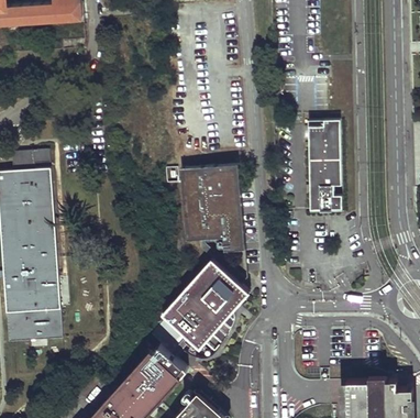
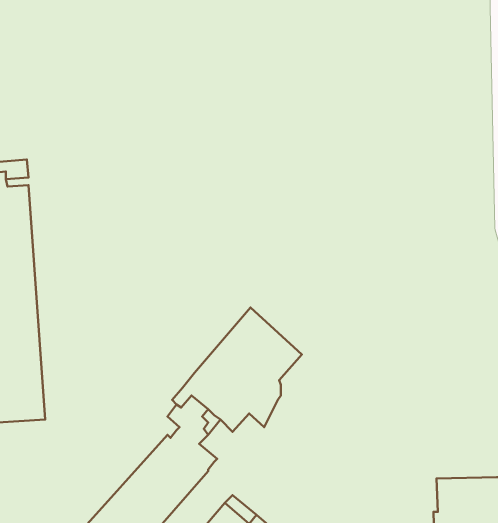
building: [308,122,341,213] -> none
building: [178,160,243,246] -> none

